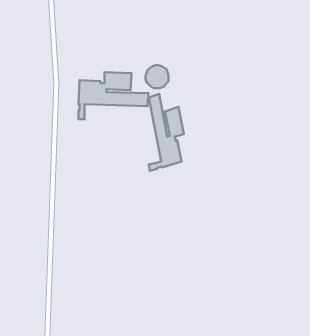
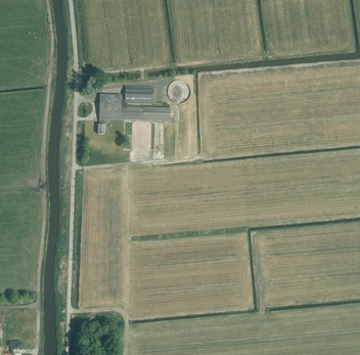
building: [149,94,184,171] -> none

